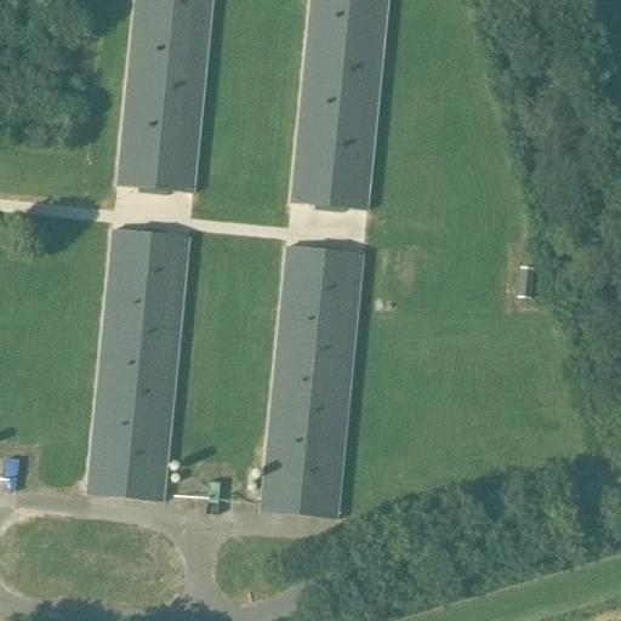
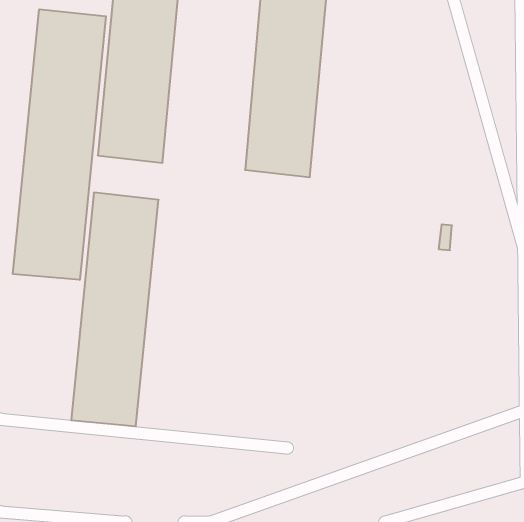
building: none -> [13,9,106,280]
building: [263,245,364,520] -> none

